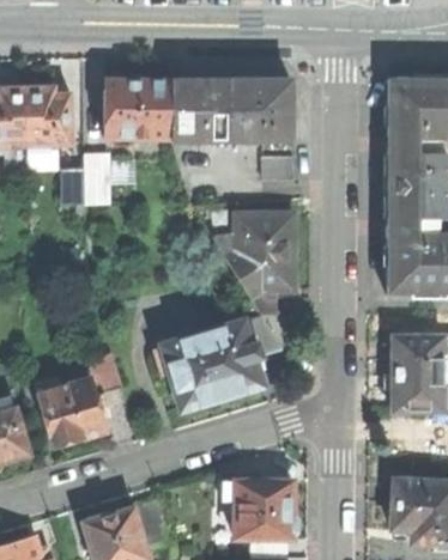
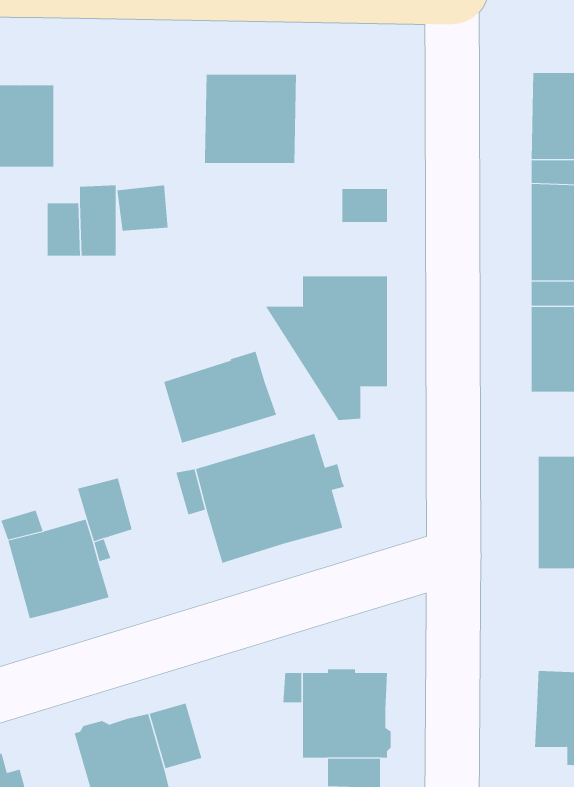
building: [104,79,171,136] -> none
building: [231,80,291,140] -> none
building: none -> [163,351,277,444]
building: [244,311,299,354] -> none

